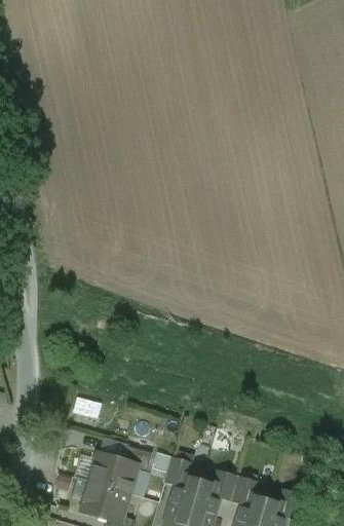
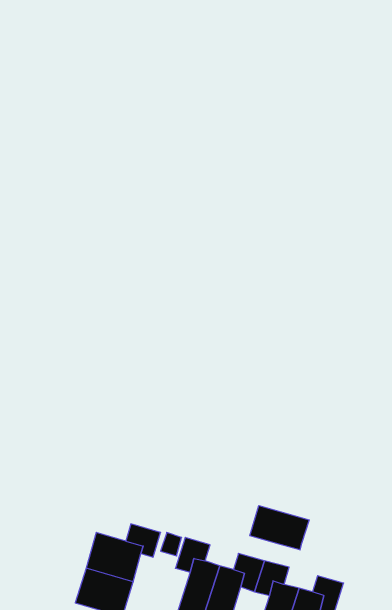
building: none -> [250,506,309,550]

